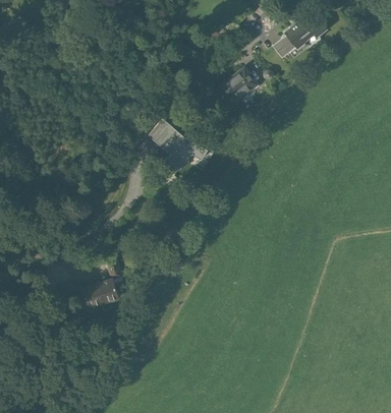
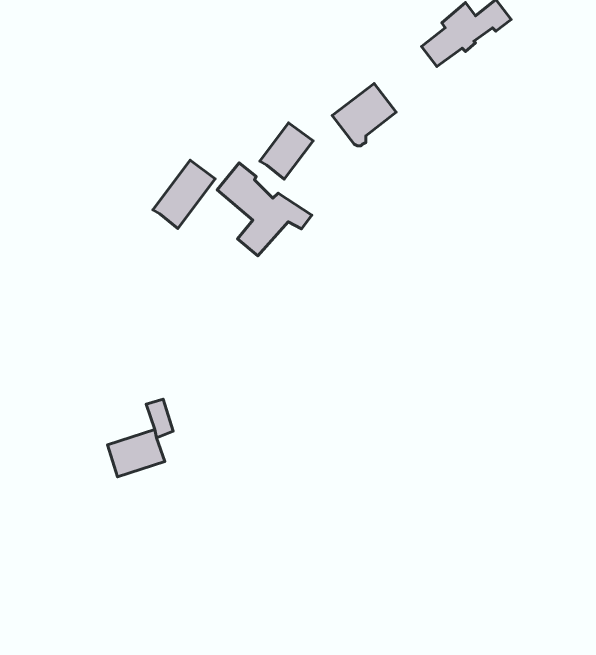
building: none -> [260,123,313,179]
building: none -> [153,160,215,228]

